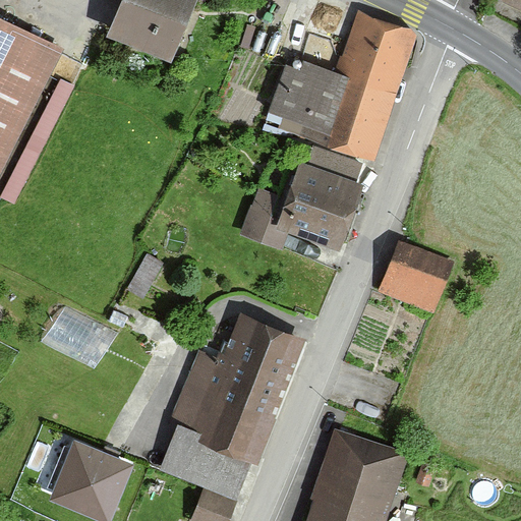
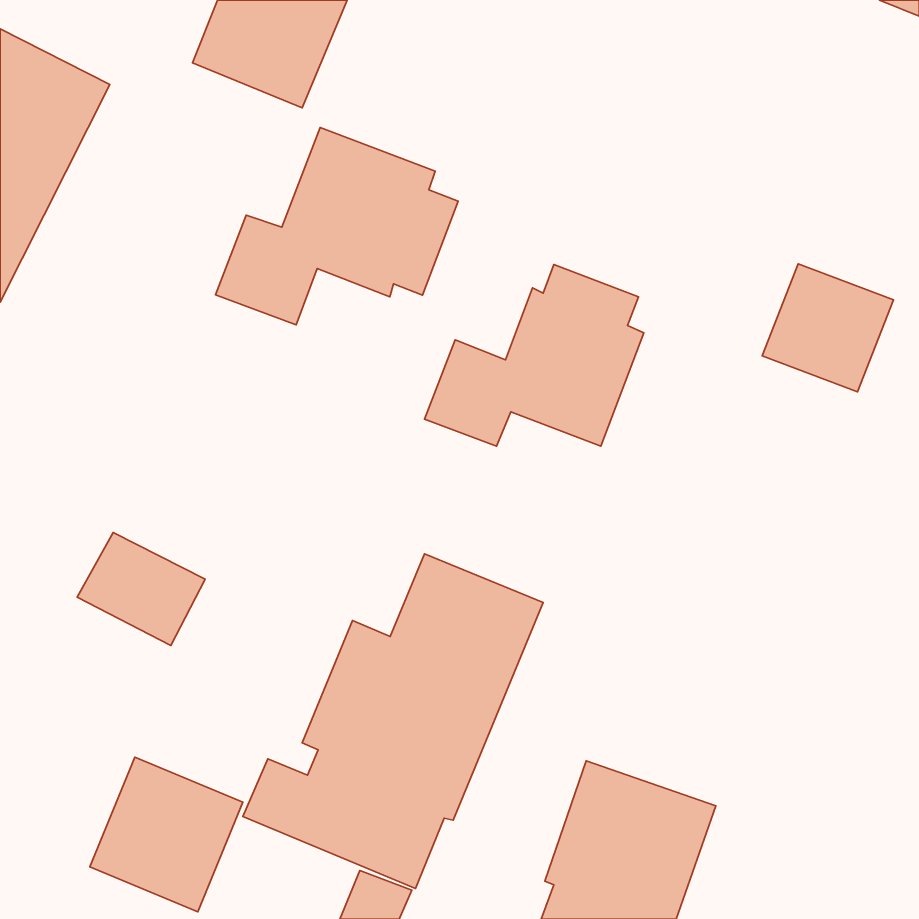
building: [264,14,416,165] -> none
building: none -> [215,127,458,325]
building: [378,243,452,315] -> [762,264,894,392]

